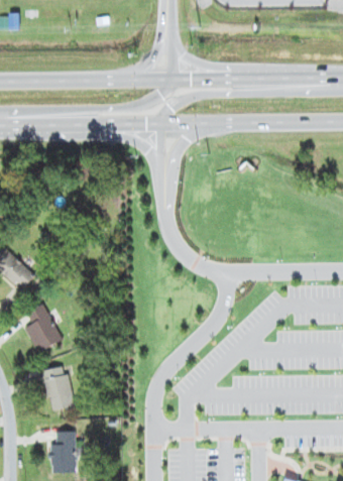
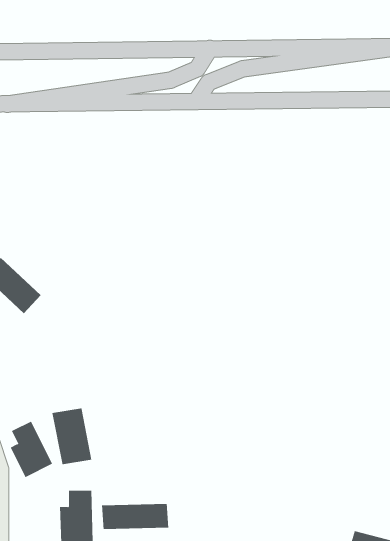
building: [26,309,61,354] -> [10,421,53,478]
building: none -> [101,503,169,530]

